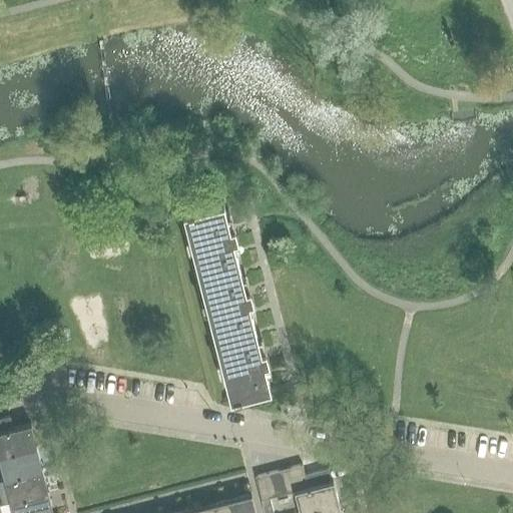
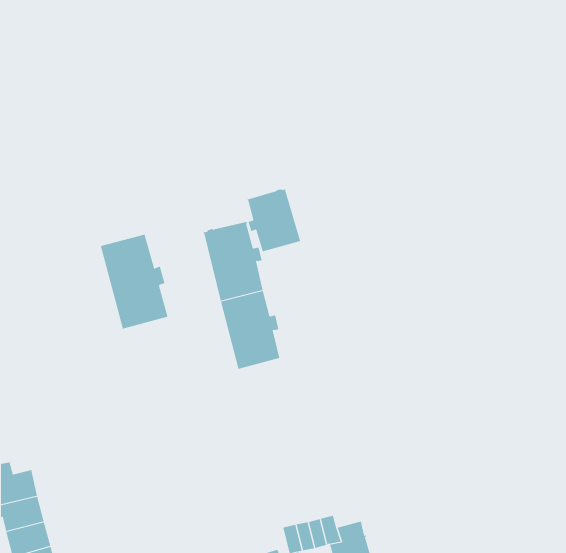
building: none -> [246,188,301,252]
building: none -> [100,234,168,330]
building: [216,337,272,409] -> none

